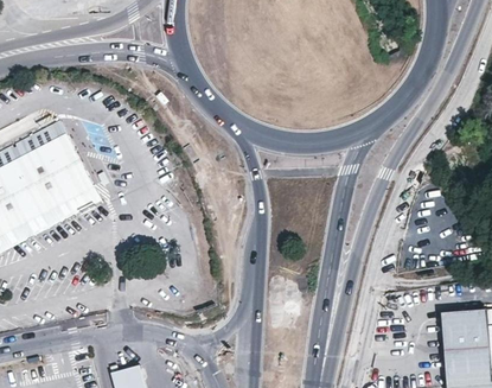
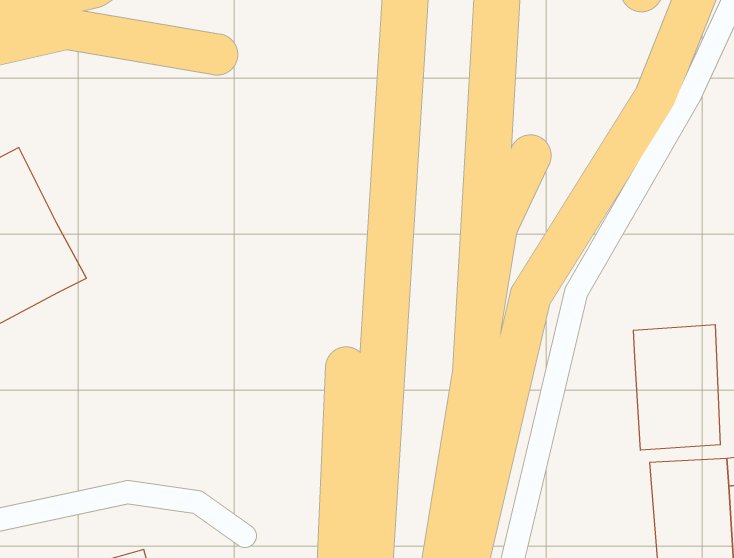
building: none -> [633,325,720,450]

